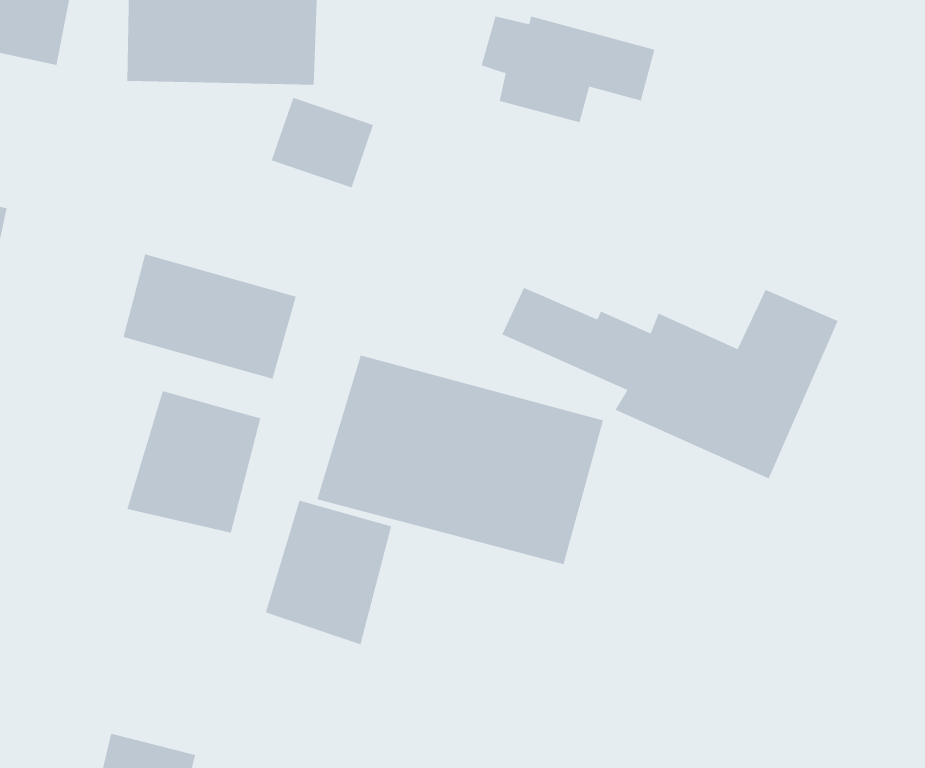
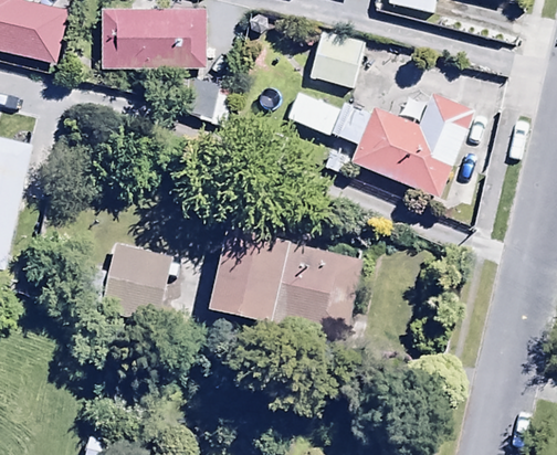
building: [123,254,297,380] -> none
building: [502,287,838,479] -> [286,92,474,199]
building: [265,500,392,645] -> none

